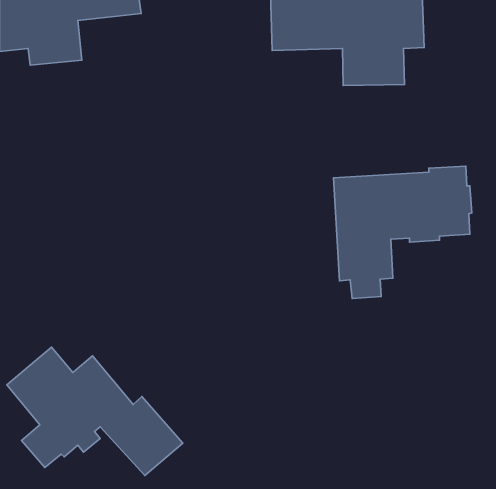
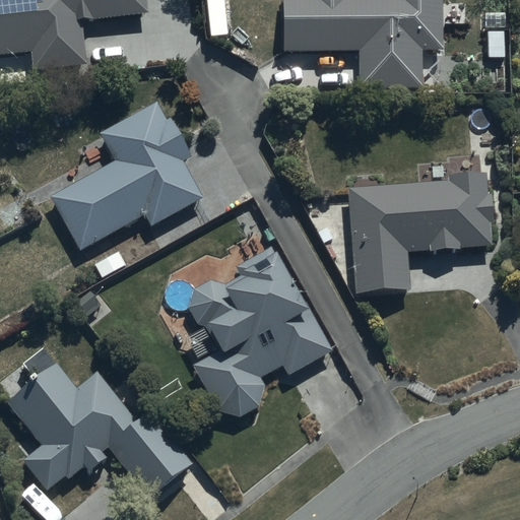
building: none -> [49,101,203,251]
building: none -> [188,246,331,417]

